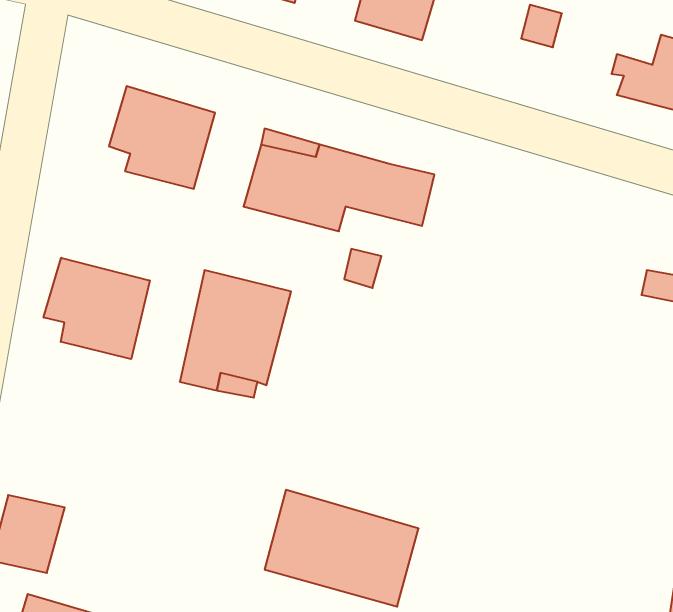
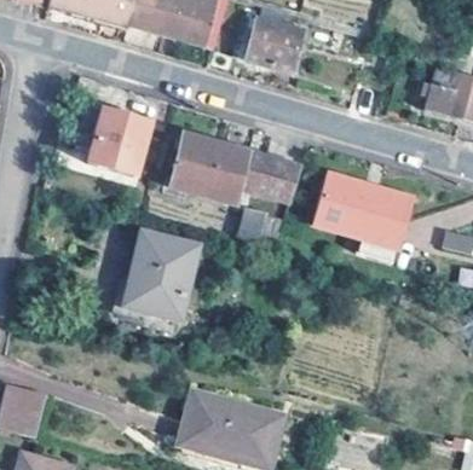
building: none -> [319,172,414,259]
building: [44,258,150,359] -> none

